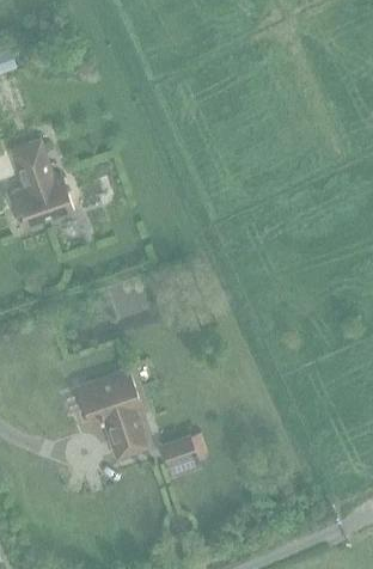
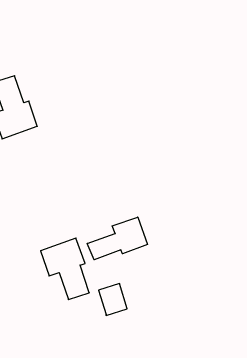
building: none -> [87,217,147,260]

